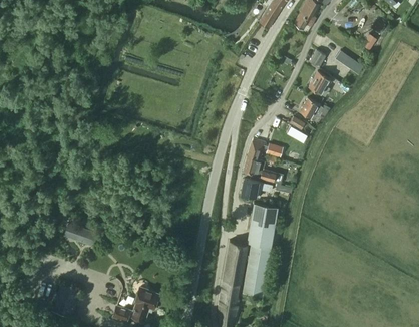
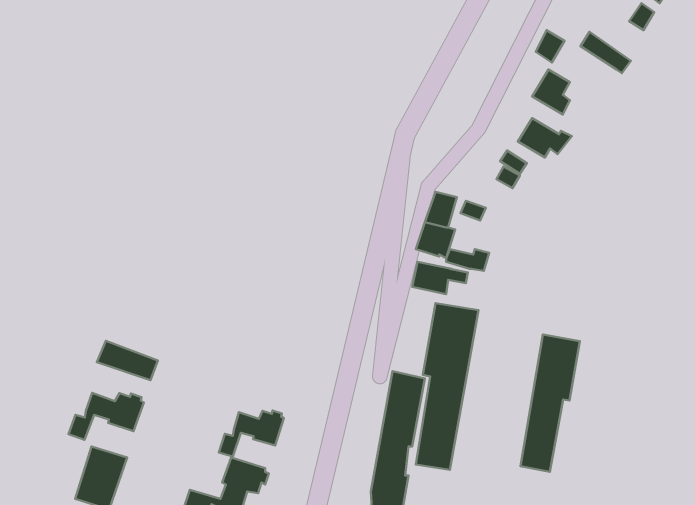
building: none -> [520,334,580,472]
building: none -> [68,393,144,440]
building: none -> [219,411,284,457]

